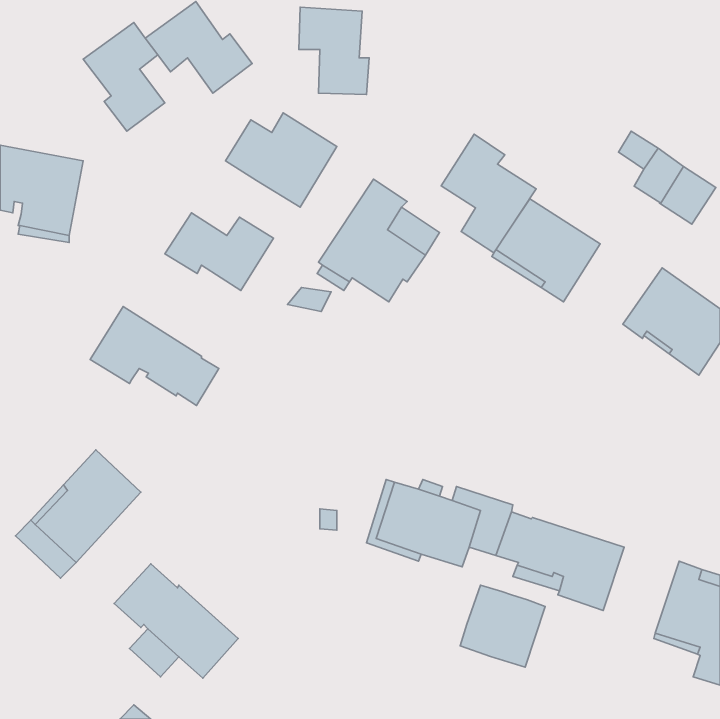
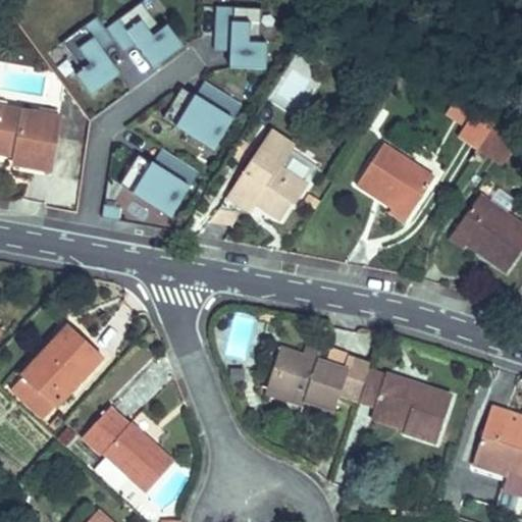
building: [441,134,536,253] -> none
building: [90,306,219,406] -> none
building: [460,585,545,667] -> none

